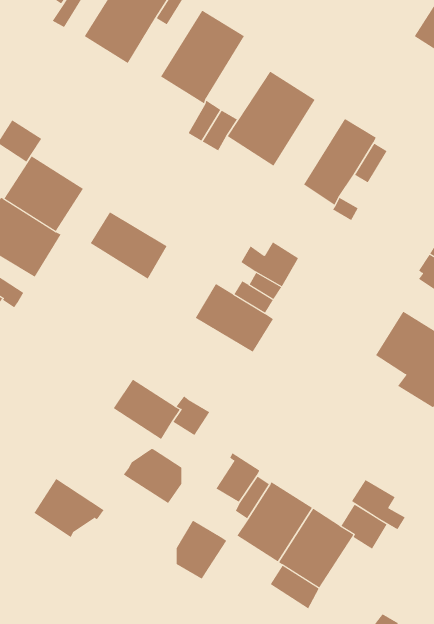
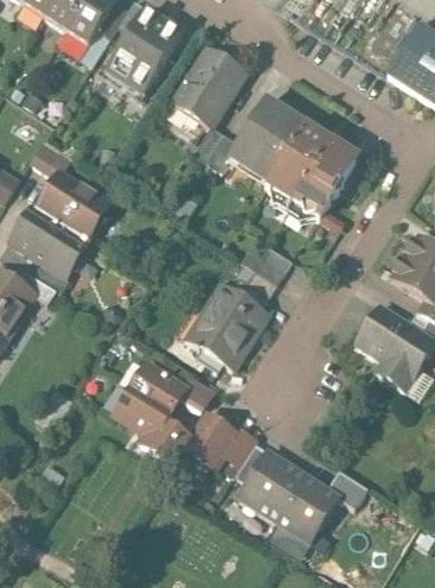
building: none -> [269,125,329,197]
building: [90,211,168,279] -> [184,311,251,369]
building: [34,478,104,538] -> [112,388,172,440]
building: [351,479,406,530] -> none
building: [176,520,227,580] -> [190,416,234,467]

